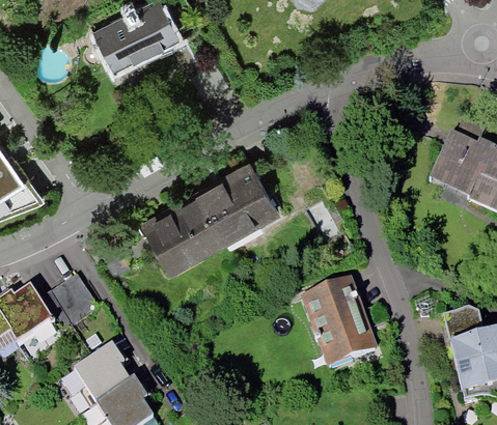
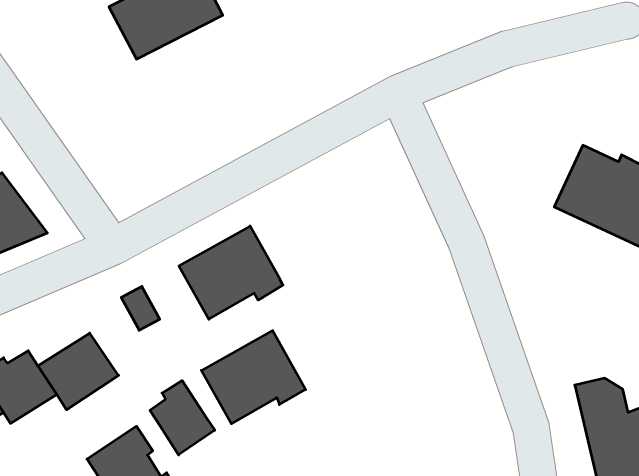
building: [198,165,277,235] -> [201,331,306,424]
building: [304,281,376,367] -> none
building: none -> [150,381,215,455]

